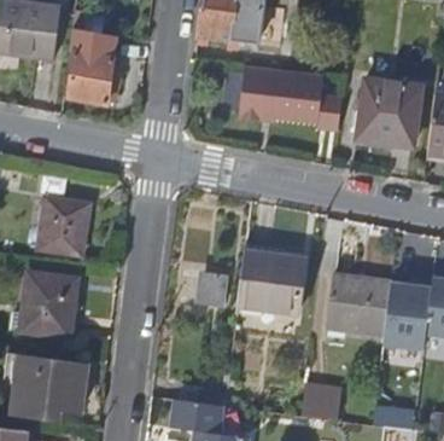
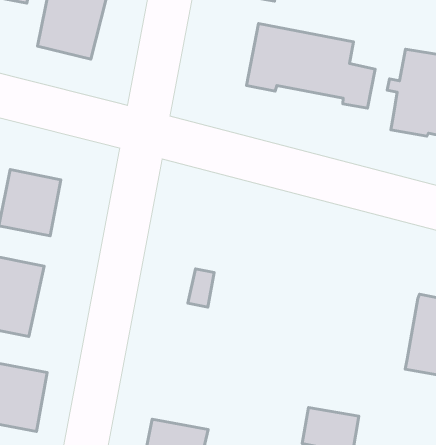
building: [239,243,303,308] -> none
building: [326,278,390,337] -> none

